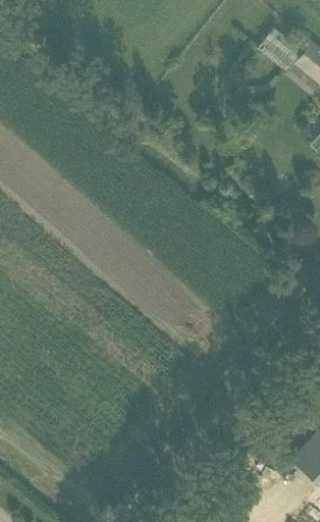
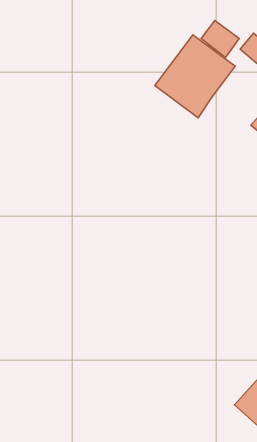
building: none -> [155,35,235,118]

